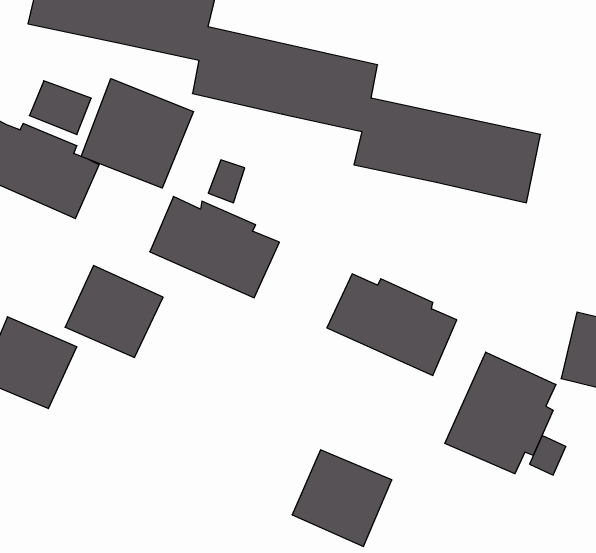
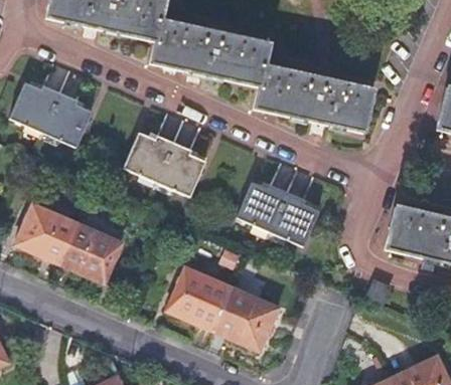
building: [81,79,193,188] -> none
building: [65,266,163,357] -> [60,223,123,281]
building: [445,352,556,474] -> none
building: none -> [168,267,234,330]

